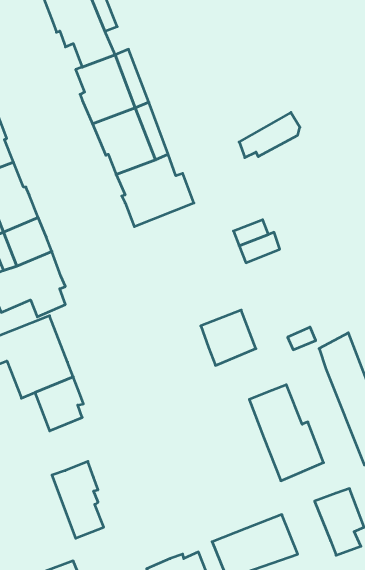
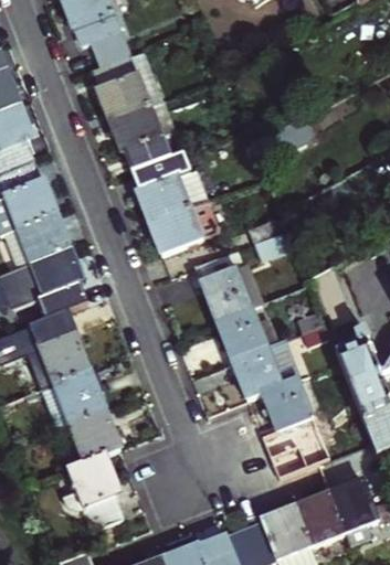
building: none -> [150,199,222,254]
building: none -> [193,248,255,319]
building: none -> [230,341,285,397]
building: none -> [67,408,119,460]
building: none -> [295,490,342,542]

